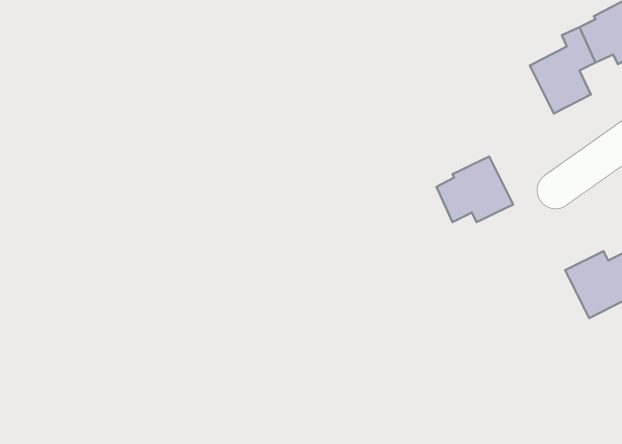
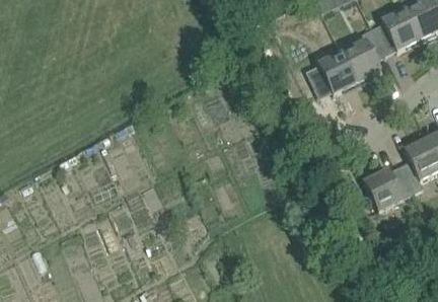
building: [437,157,513,222] -> [309,51,358,92]

